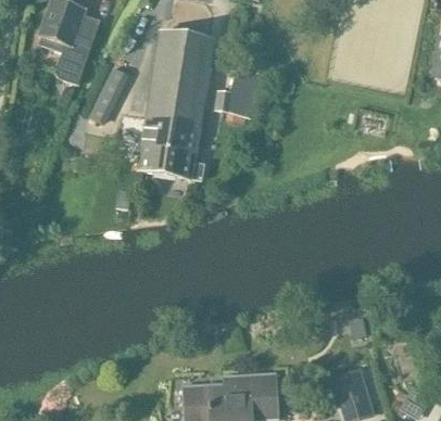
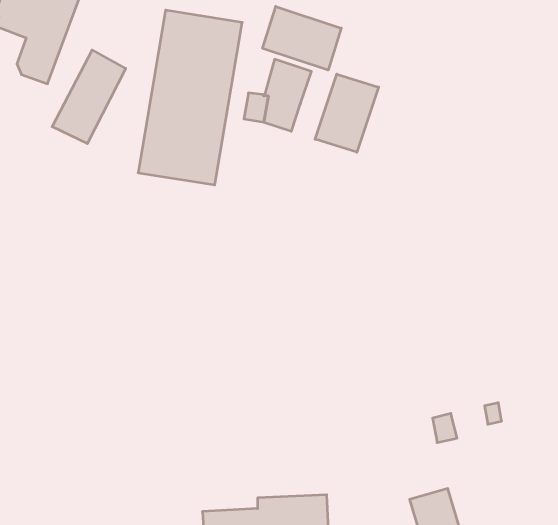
building: none -> [263,6,341,70]
building: none -> [315,74,379,152]
building: [137,146,204,179] -> none

